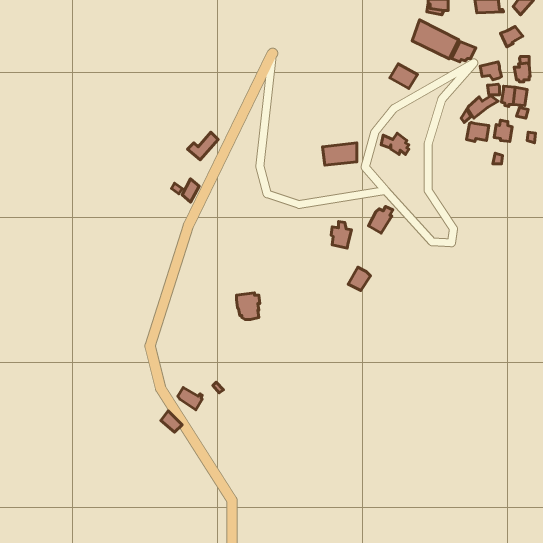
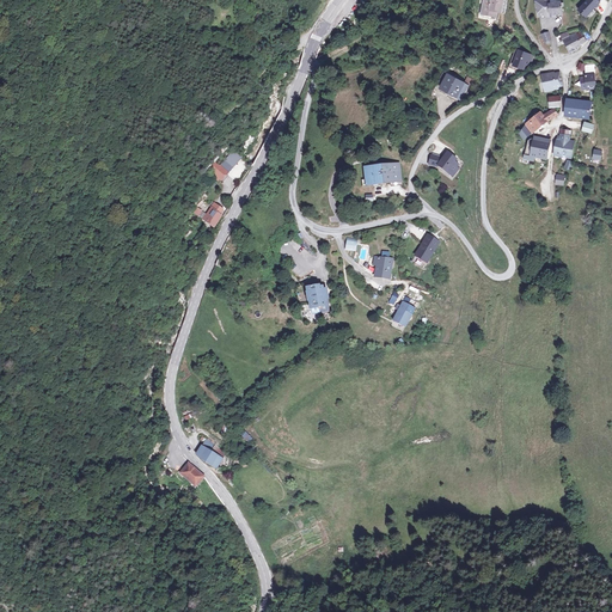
building: [412,20,459,59] -> none
building: [237,293,260,320] -> [304,283,330,313]

